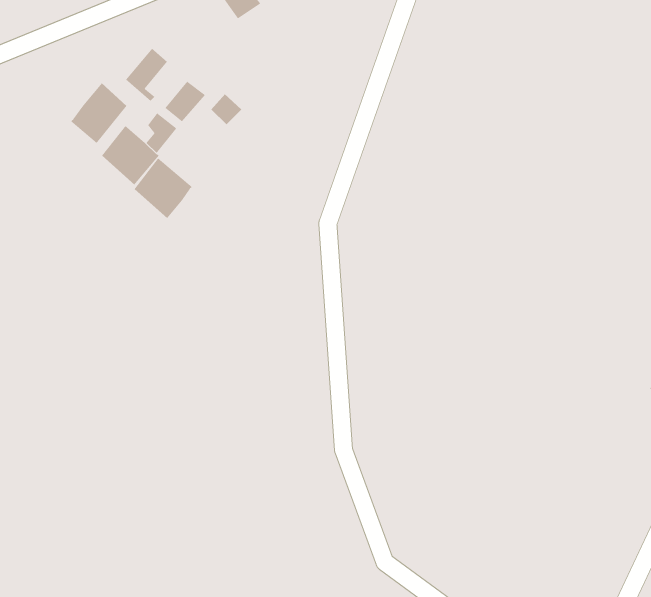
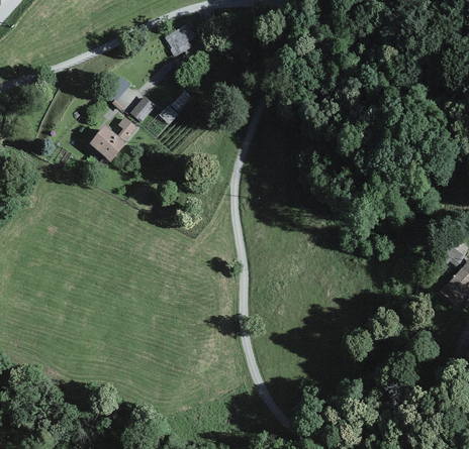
building: [70,83,127,144] -> none
building: [134,157,193,219] -> none

